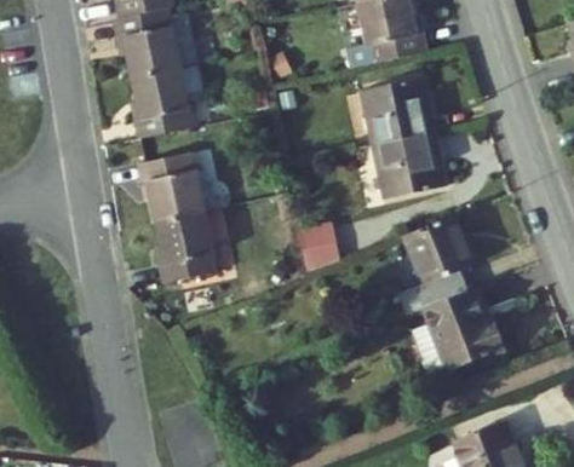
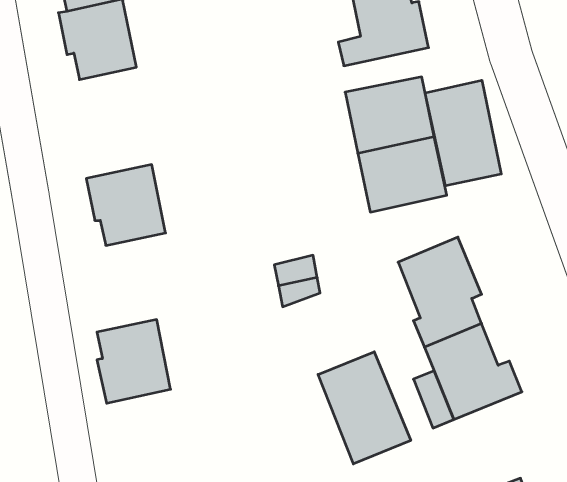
building: [126,67,190,138] -> none
building: none -> [425,80,501,186]
building: [151,211,216,283] -> [97,320,171,403]
building: none -> [318,352,411,464]

